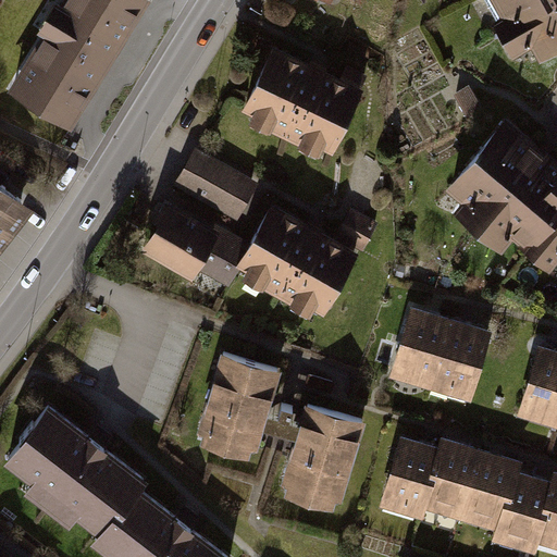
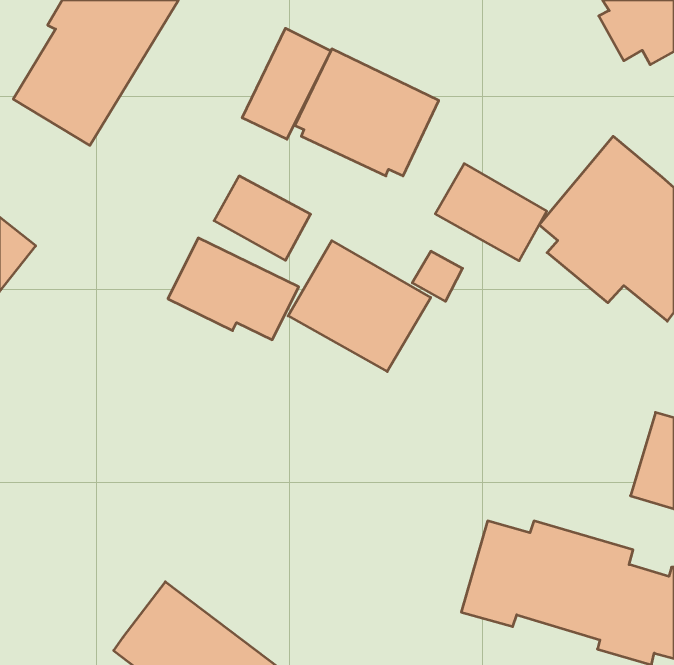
building: none -> [242,28,331,139]
building: none -> [435,164,547,261]
building: [392,314,487,401] -> none
building: [196,351,280,458] -> none
building: [280,404,364,510] -> none
building: [7,409,141,533] -> none

